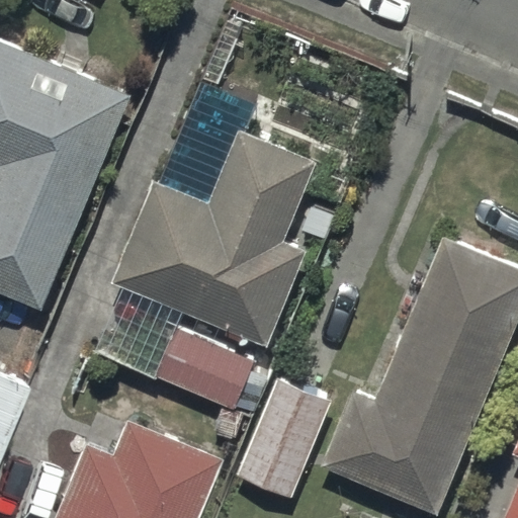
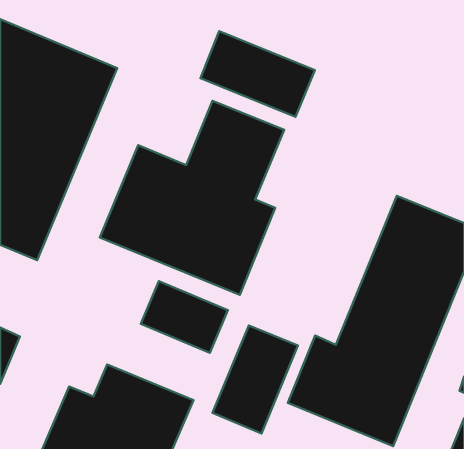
building: none -> [201,31,315,117]

